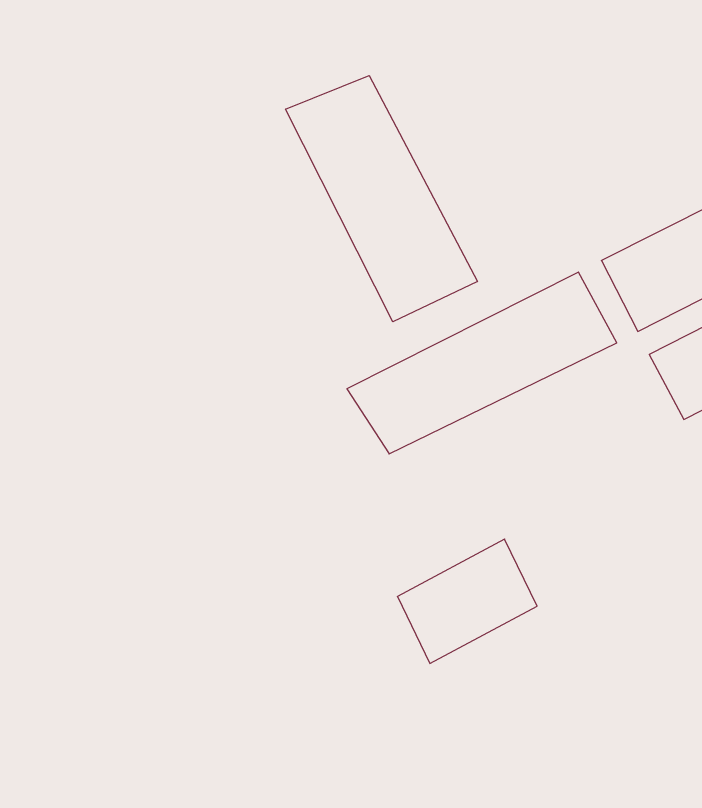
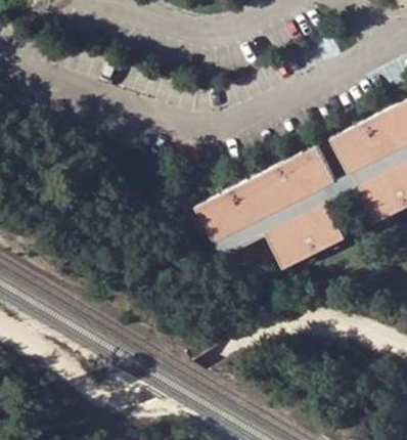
building: [286,76,477,322] -> none
building: [397,539,537,663] -> [269,204,344,270]

